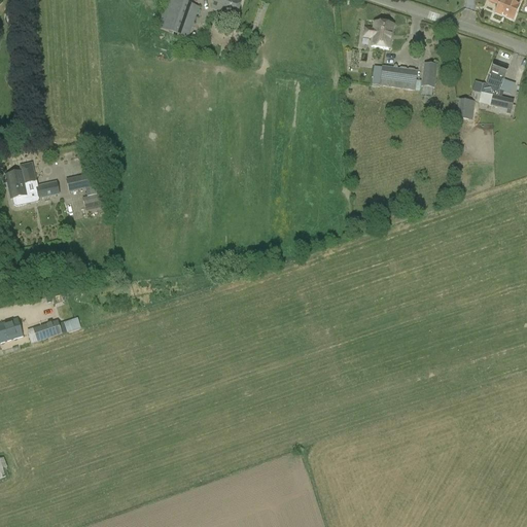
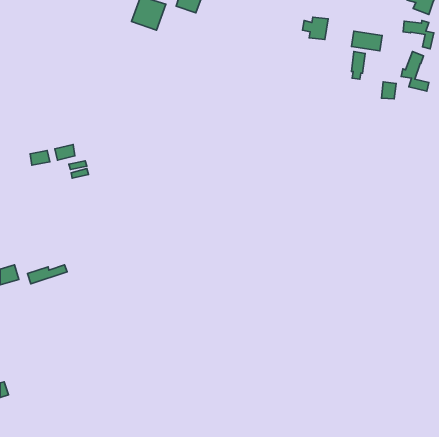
building: none -> [403,21,434,49]
building: [380,65,417,89] -> [351,31,382,51]
building: [5,162,35,198] -> none

